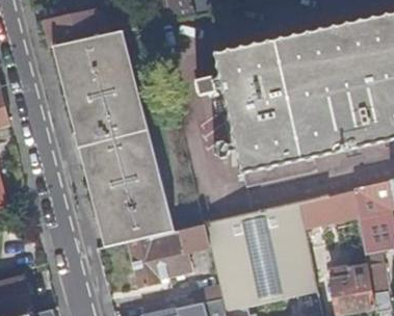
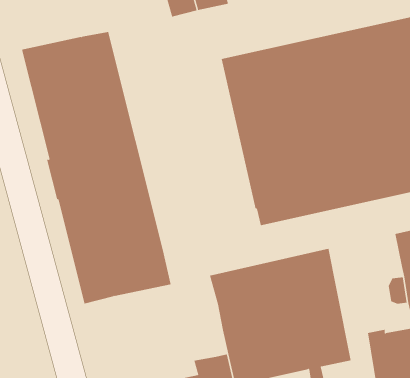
building: [45,9,101,45] -> none
building: [298,190,356,234] -> none
building: [127,223,209,288] -> none

